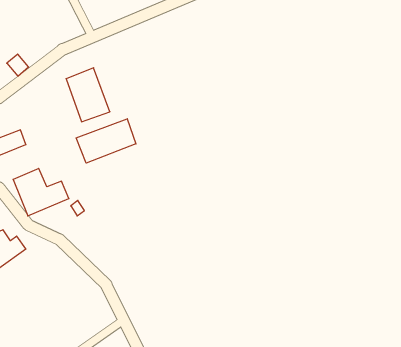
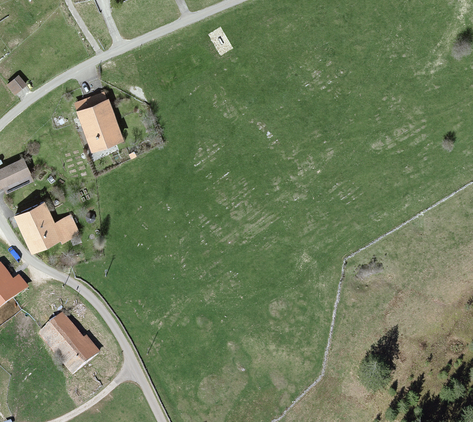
building: [76,119,136,163] -> none
building: none -> [39,314,98,376]

